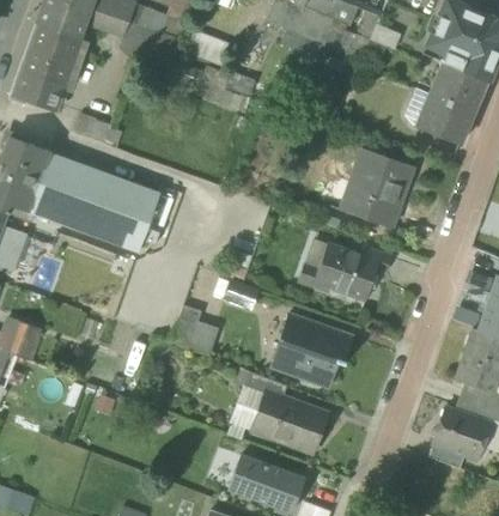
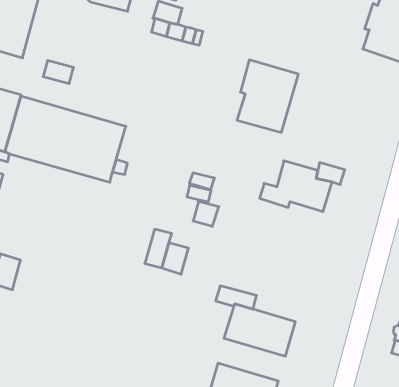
building: [345,147,414,227] -> [237,60,298,132]
building: [276,315,352,382] -> none

